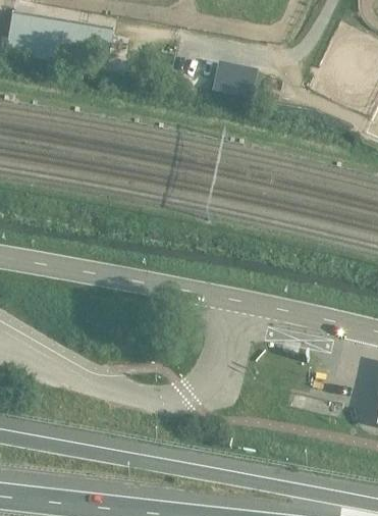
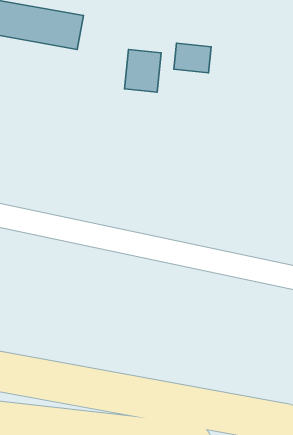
building: none -> [124,50,161,92]

